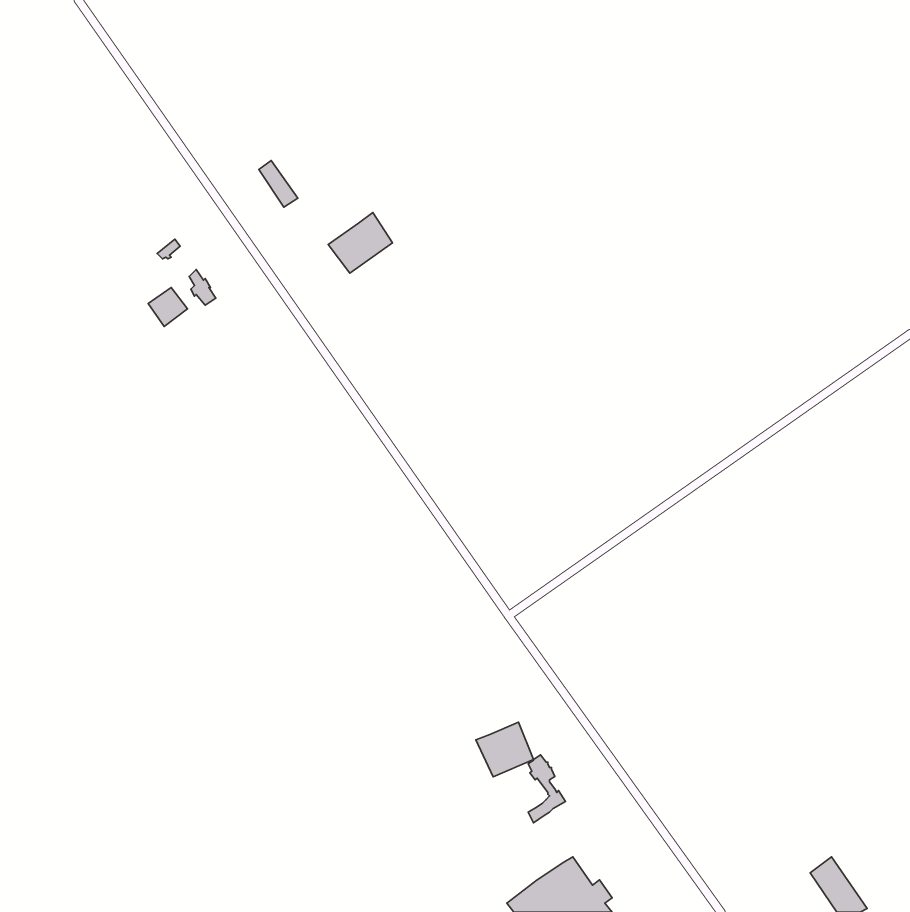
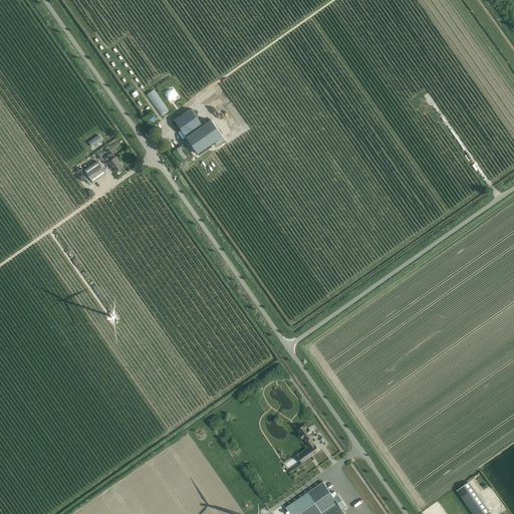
building: none -> [174,109,202,138]
building: [476,722,534,777] -> none

